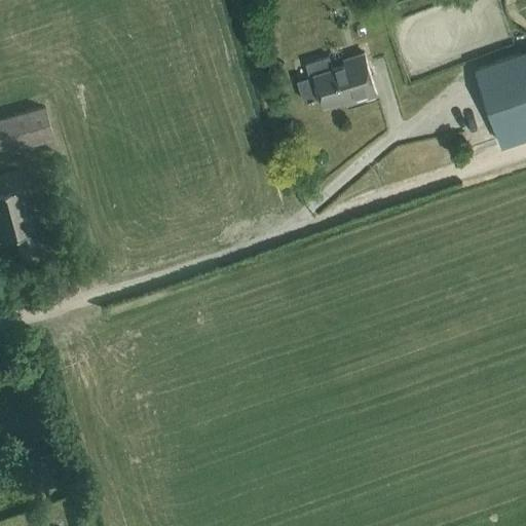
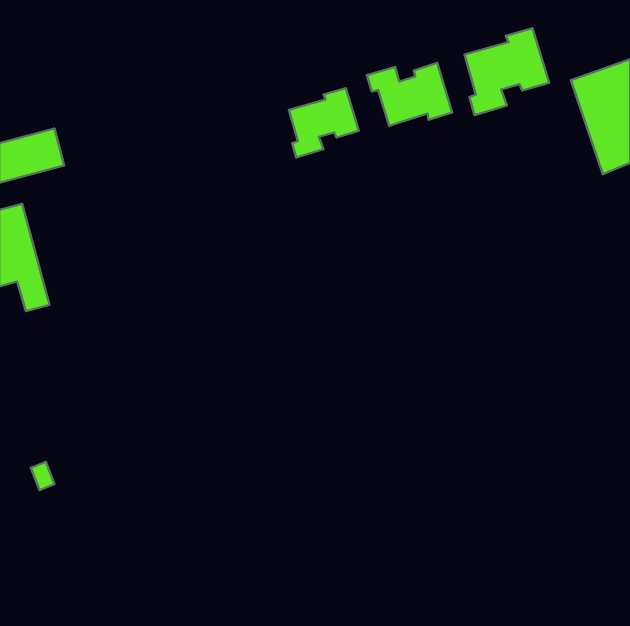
building: none -> [464,28,549,115]
building: none -> [289,88,359,157]

